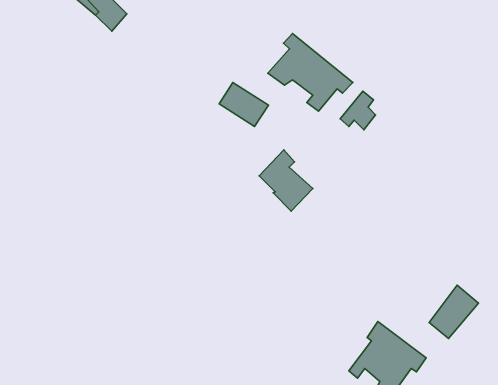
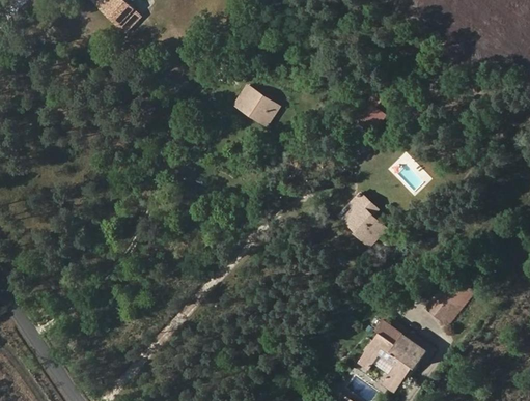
building: [268,34,353,111] -> none
building: [259,150,313,211] -> [335,191,387,250]

